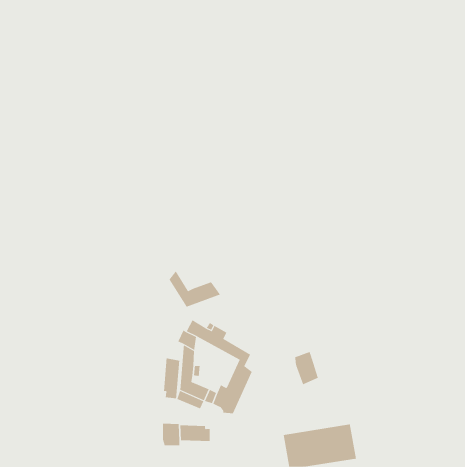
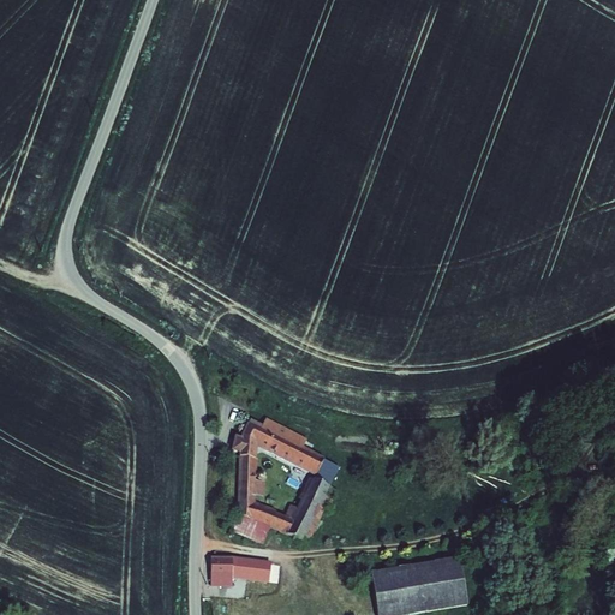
building: [169,271,221,308] -> none
building: [294,351,319,385] -> none
building: [163,357,180,399] -> none

